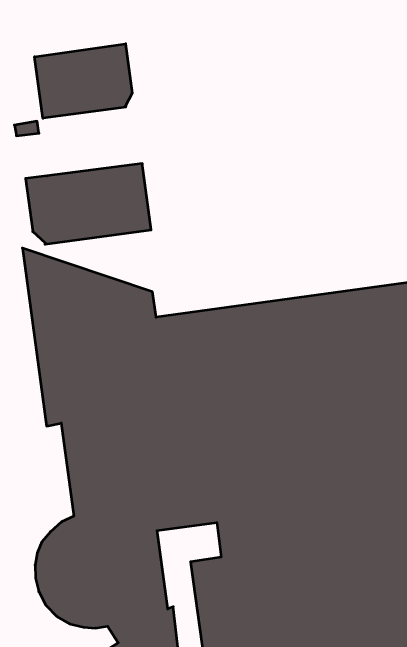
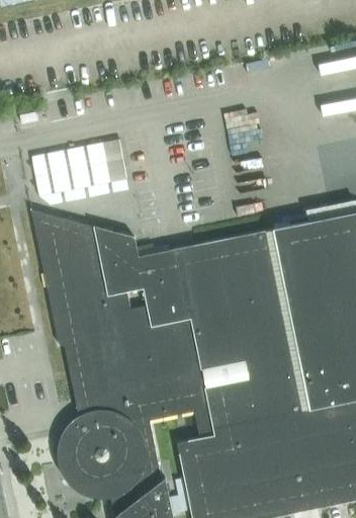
building: [35,44,132,118] -> none

